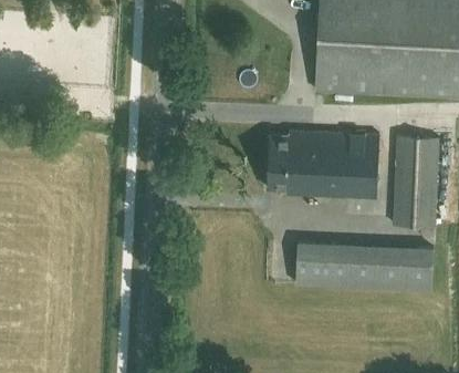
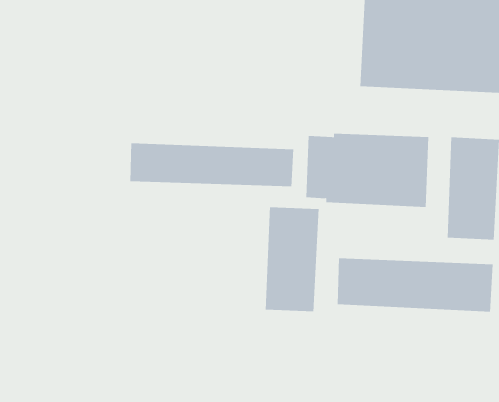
building: none -> [130,142,294,187]
building: none -> [265,206,319,312]

